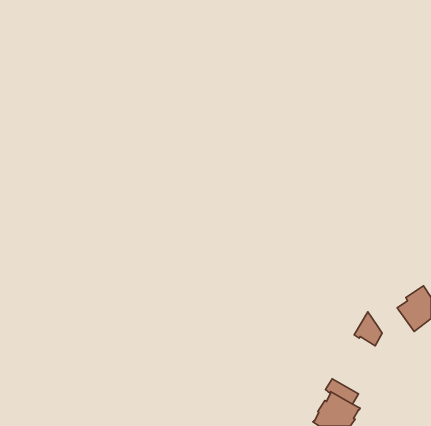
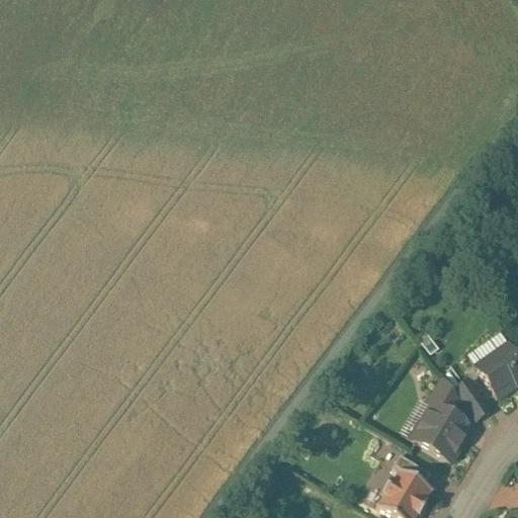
building: none -> [452,378,490,420]
building: none -> [411,403,467,460]

